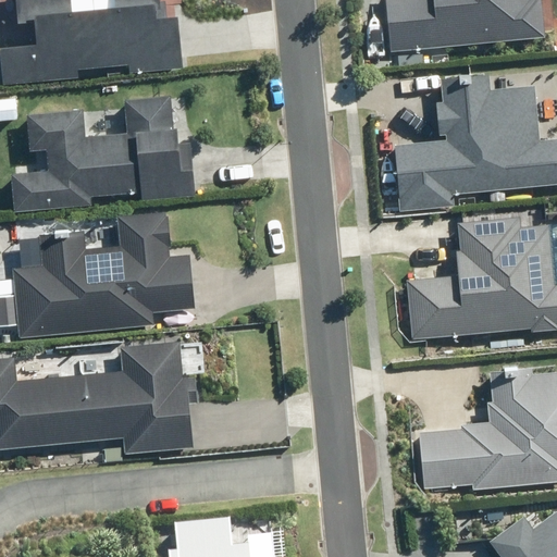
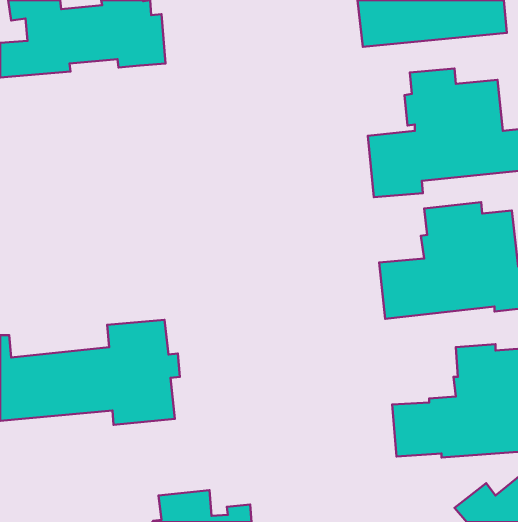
building: [12,95,194,211] -> none
building: [13,210,194,338] -> none

